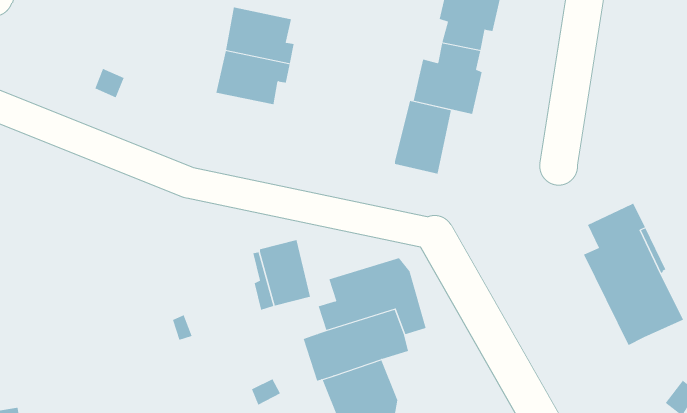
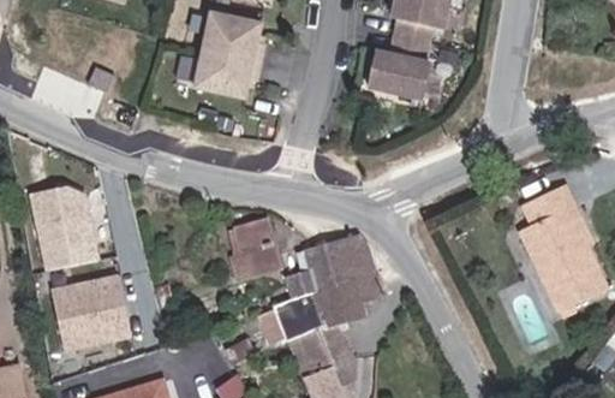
building: [394,100,452,174] -> none
building: none -> [30,185,96,269]
building: none -> [50,274,131,349]

